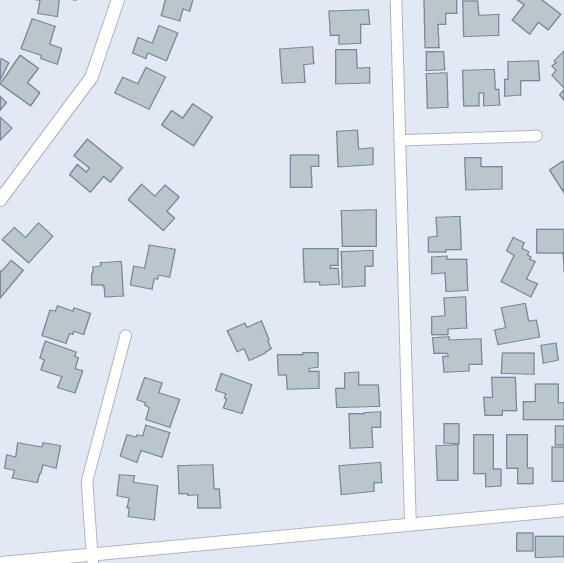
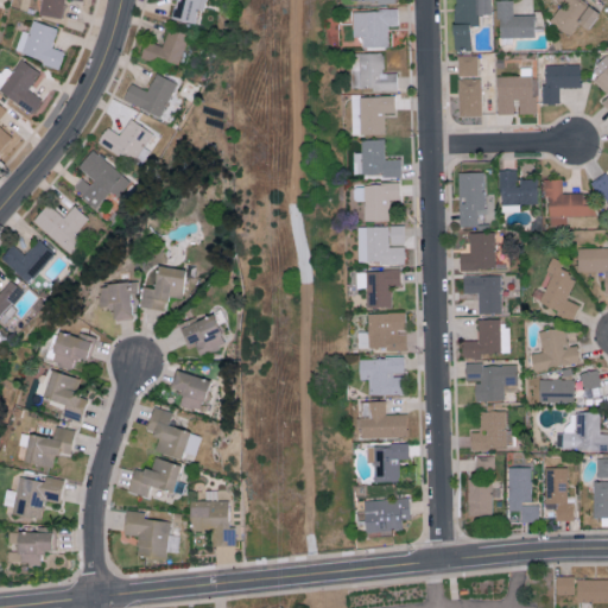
building: [280,47,314,83] -> [359,95,395,134]
building: [162,104,212,146] -> [99,120,153,165]
building: [290,155,319,187] -> [366,186,397,221]
building: none -> [460,172,483,226]
building: none -> [544,180,598,229]
building: [128,184,179,230] -> [37,204,91,254]
building: [303,249,339,285] -> [368,312,407,352]
building: [227,321,271,361] -> [178,314,226,356]
building: [277,353,319,389] -> [360,356,405,395]
building: [216,374,252,413] -> [172,369,211,412]
building: [484,378,517,415] -> [471,411,507,451]
building: none -> [19,425,77,467]
building: none -> [7,531,55,564]

